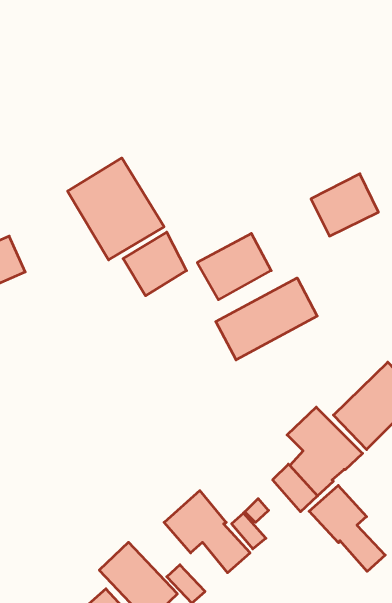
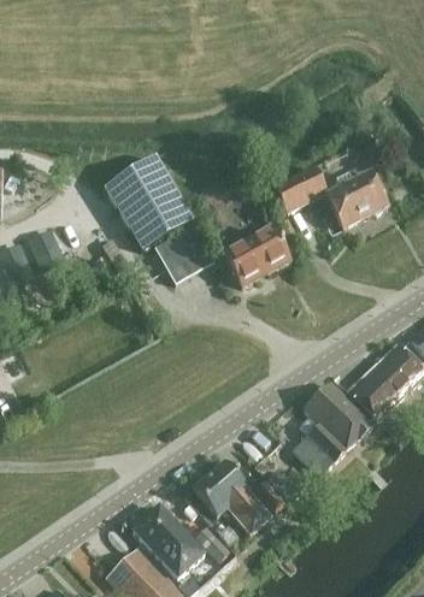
building: none -> [275,167,324,212]
building: [216,278,317,360] -> none
building: [309,485,385,571] -> none

